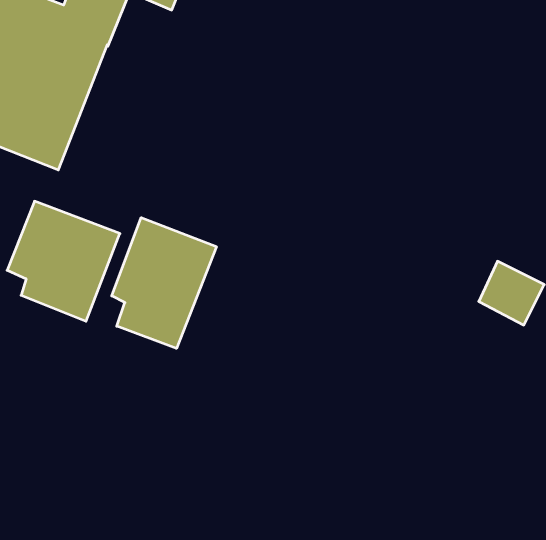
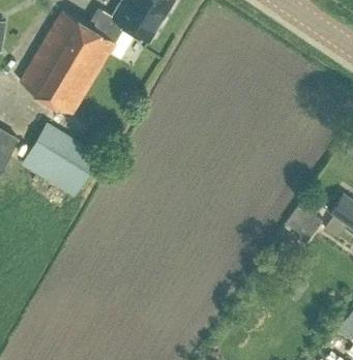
building: [112,218,216,348] -> none

